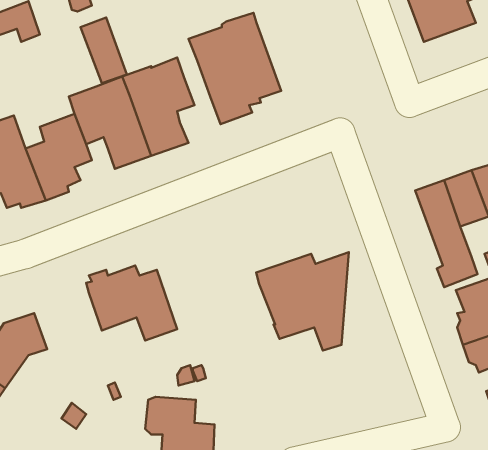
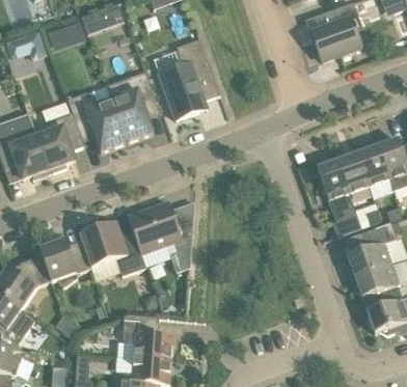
building: [80,18,127,83] -> none
building: [256,252,349,350] -> [128,201,194,272]
building: none -> [38,240,90,287]

